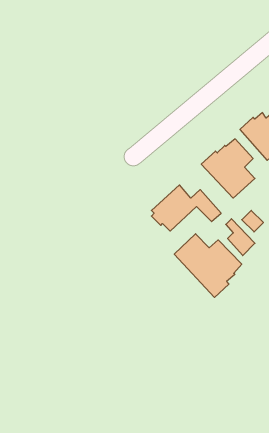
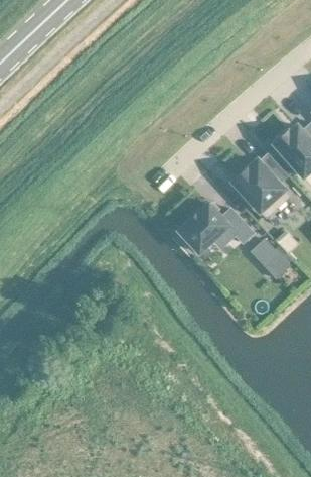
building: [174,234,242,297] -> none

